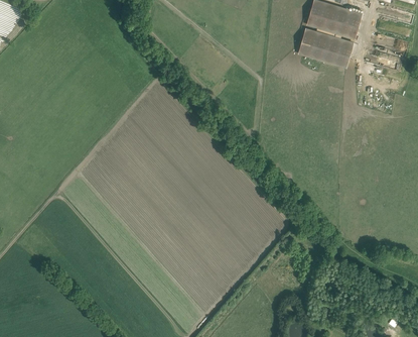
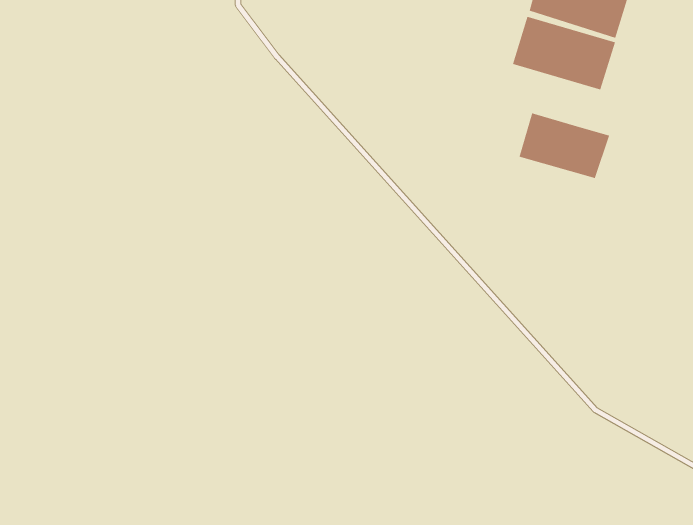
building: none -> [519,112,610,179]

